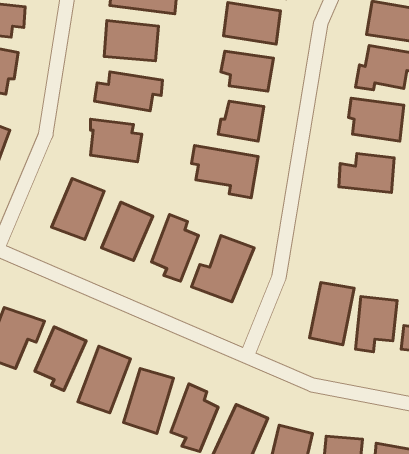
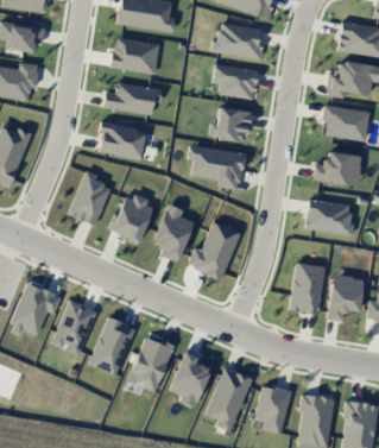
building: none -> [305,200,353,234]

